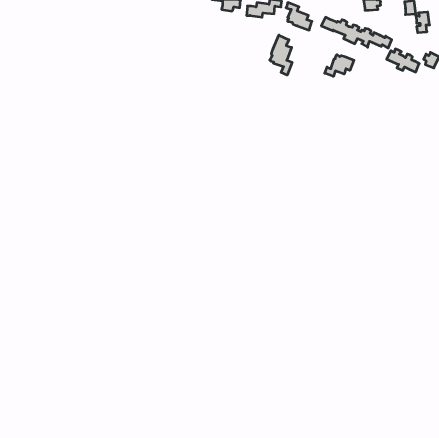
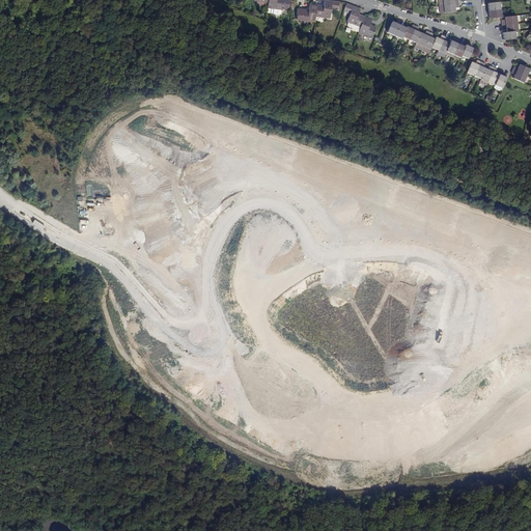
building: [270,35,292,75] -> none
building: [325,55,354,76] -> none

